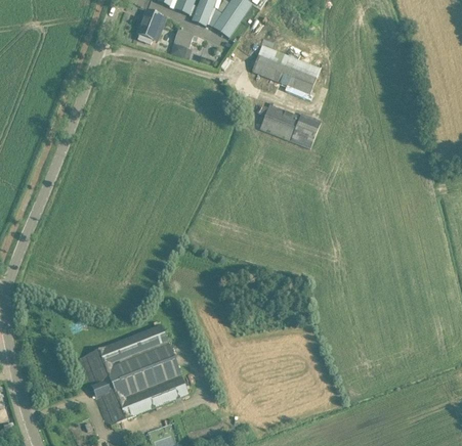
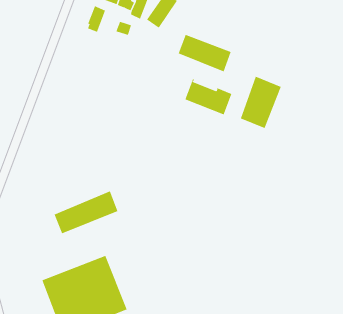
building: none -> [240,76,281,129]
building: none -> [54,191,118,234]

